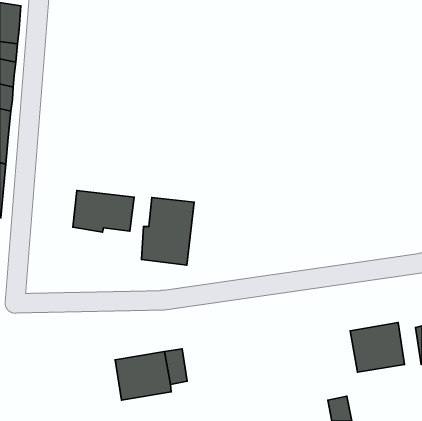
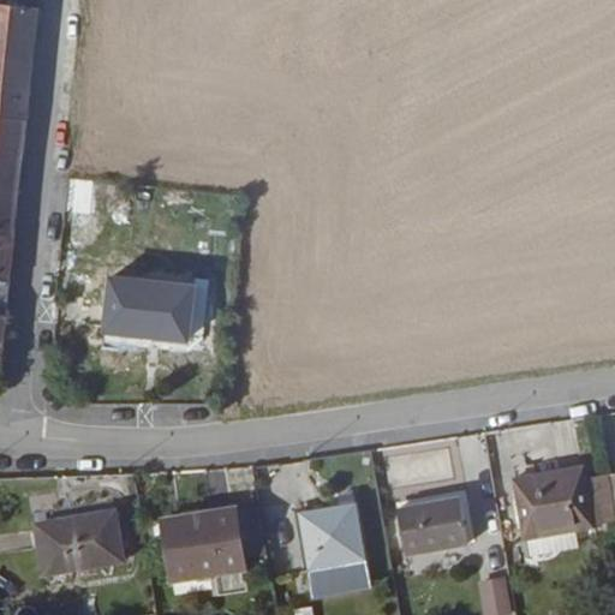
building: [142,197,194,265] -> none
building: none -> [396,500,466,556]
building: none -> [297,502,370,593]
building: none -> [41,512,129,574]

